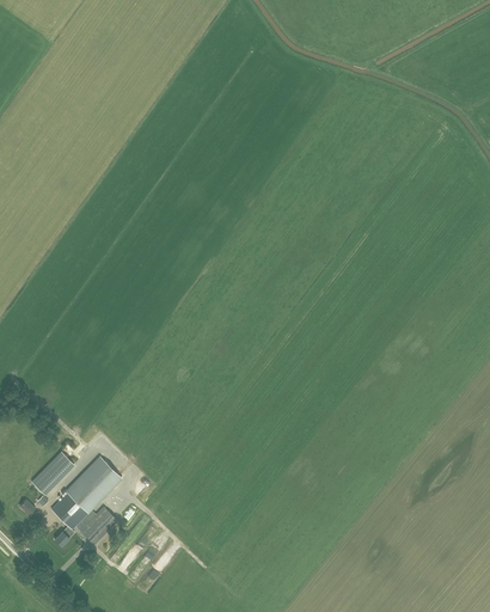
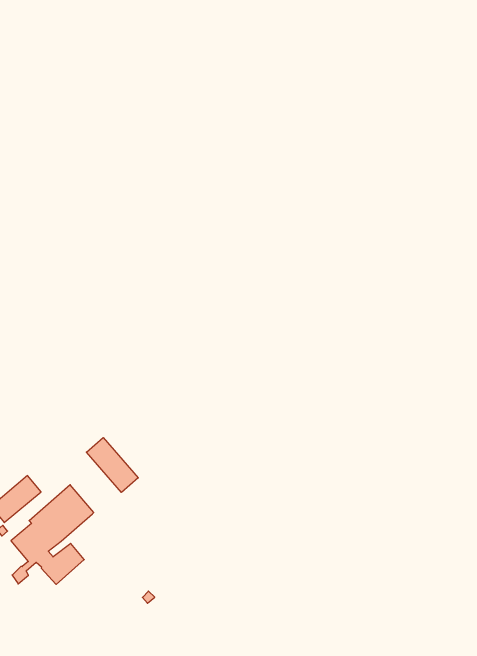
building: none -> [86,438,138,492]

